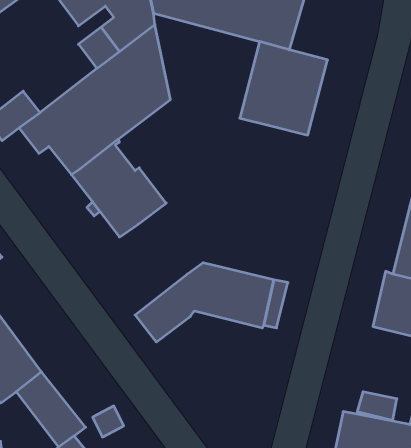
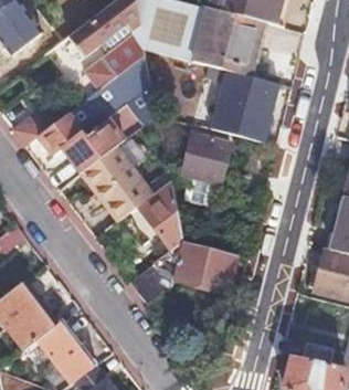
building: none -> [156,114,232,183]
building: none -> [130,182,181,250]

